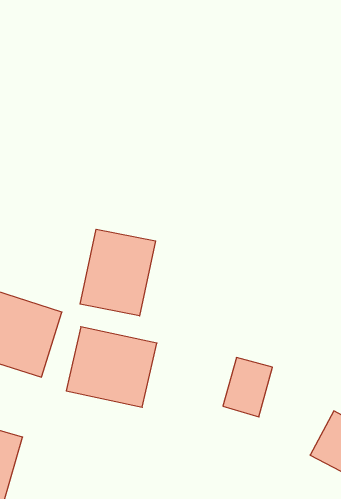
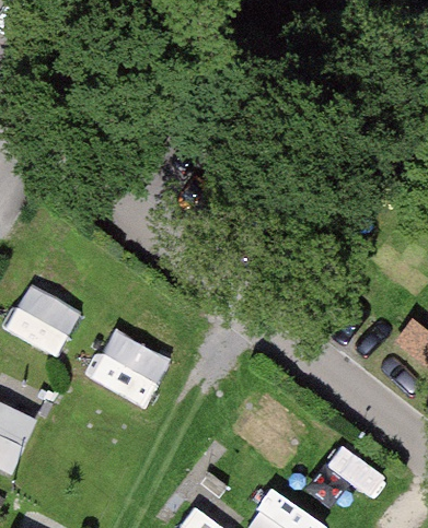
building: [80,229,156,316] -> none

